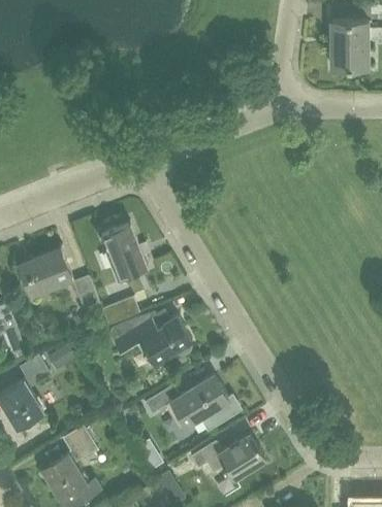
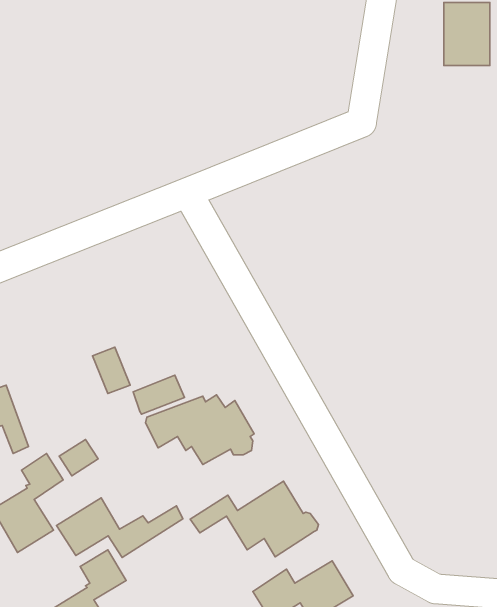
building: [100,223,149,278] -> none
building: [19,248,71,294] -> none
building: none -> [56,498,183,557]

